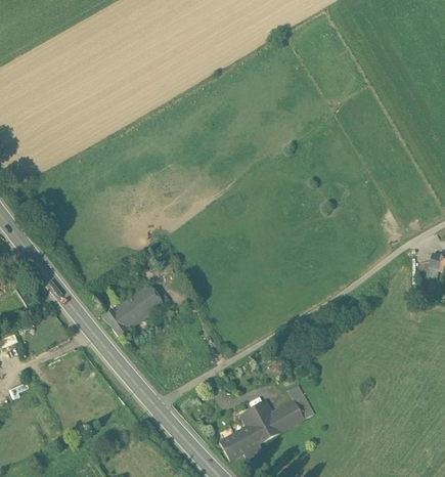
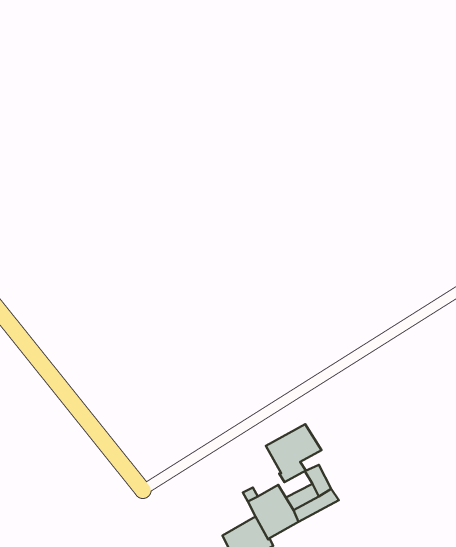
building: [114,284,164,330] -> none
building: none -> [266,424,321,482]

